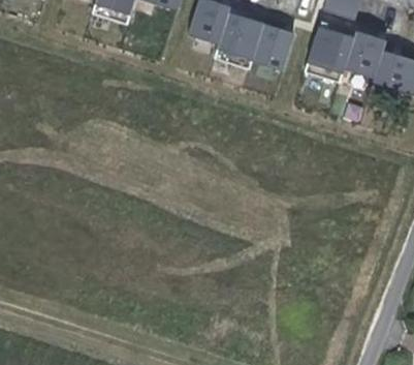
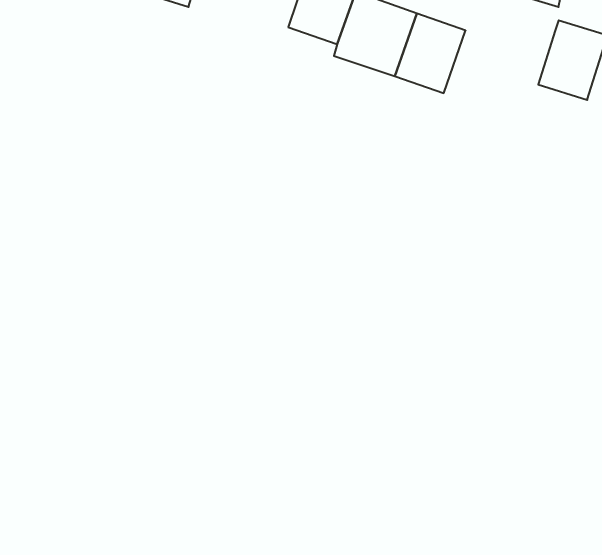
building: [300,23,351,81] -> none

